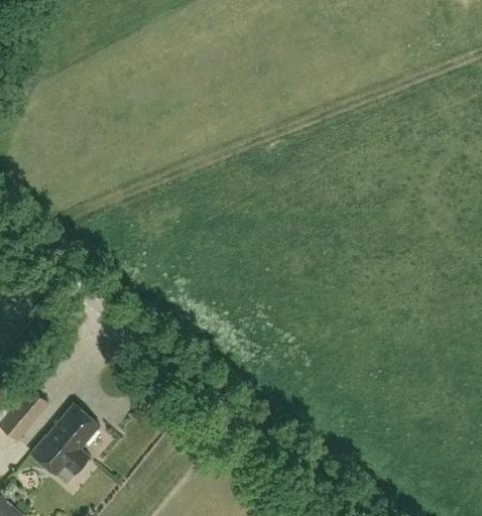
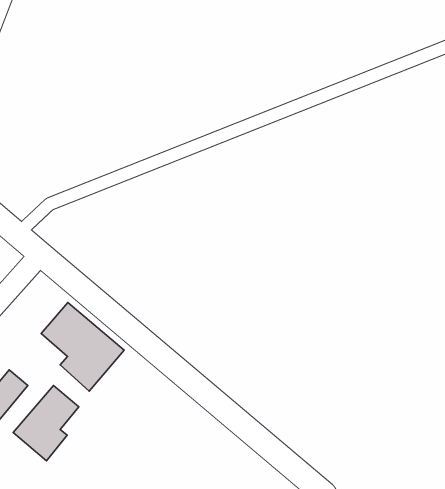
building: none -> [41,302,124,391]

